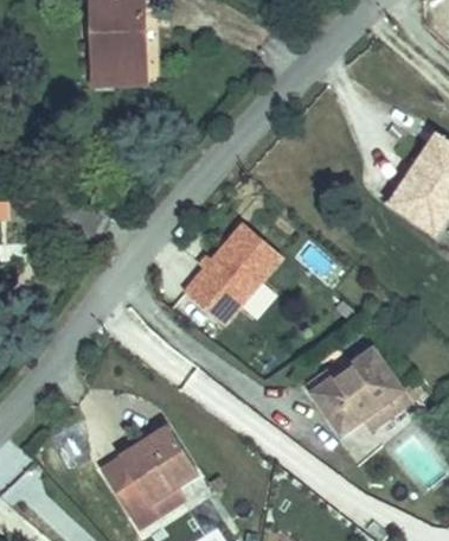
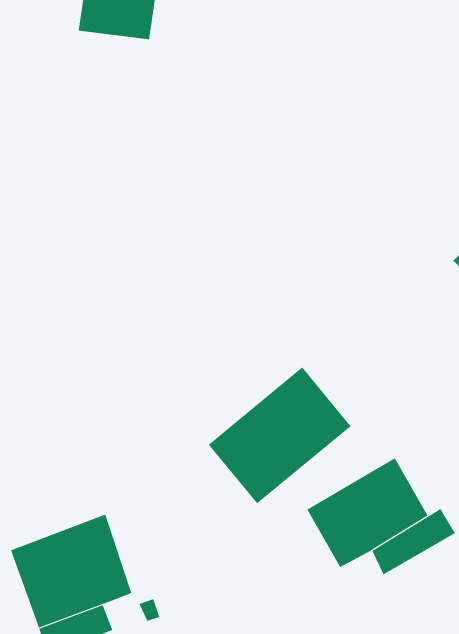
building: [191,210,295,318] -> [208,367,352,504]

